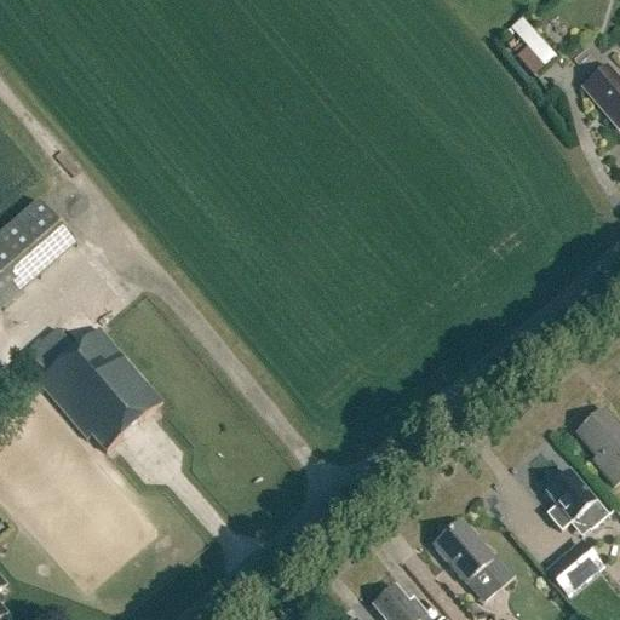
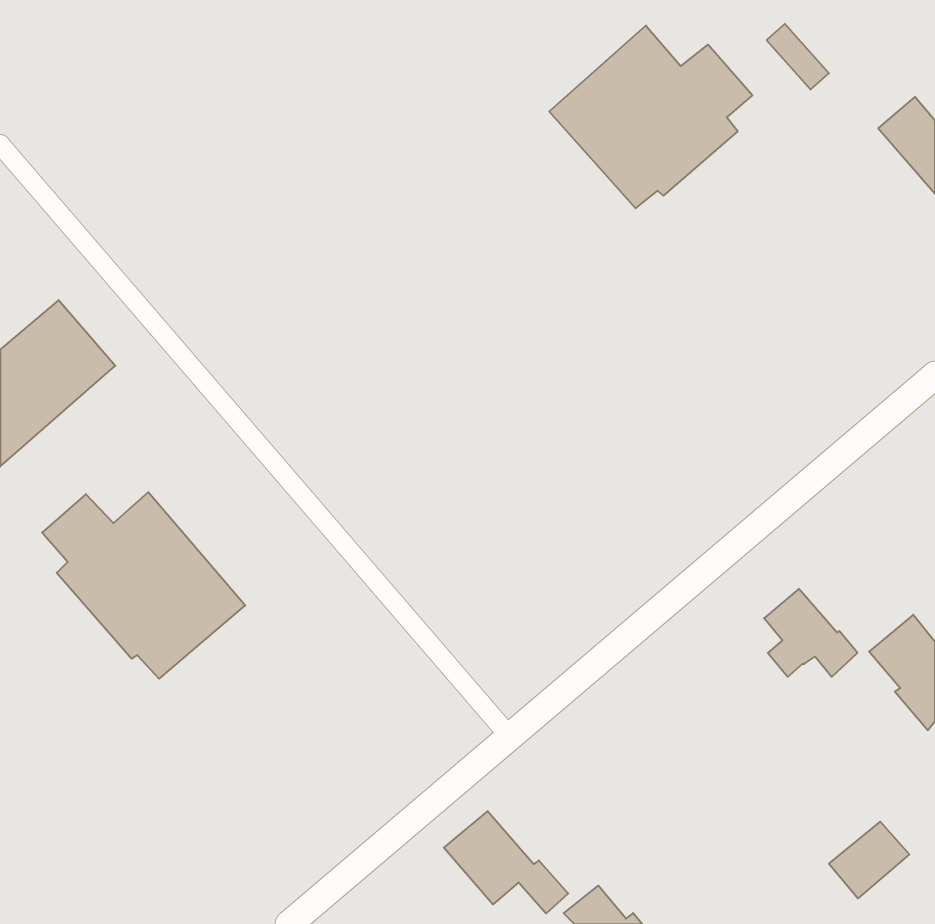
building: none -> [549,25,752,208]
building: [545,470,607,528] -> [764,589,857,677]
building: [432,519,515,587] -> [444,811,568,913]

